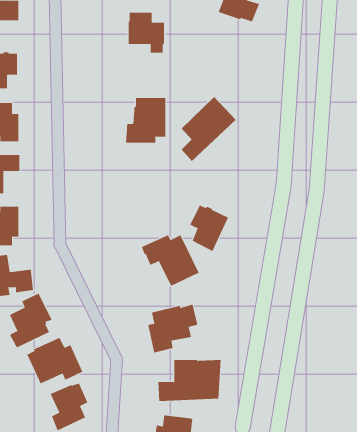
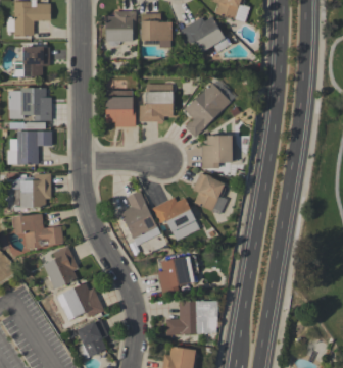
building: none -> [105,10,136,46]
building: none -> [181,16,231,52]
building: none -> [105,90,136,126]
building: none -> [201,134,233,168]
building: none -> [120,190,160,245]

